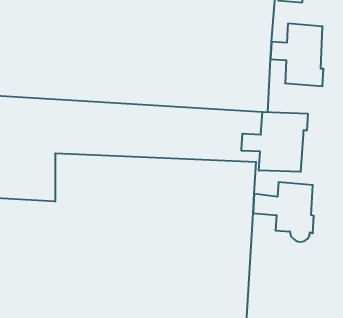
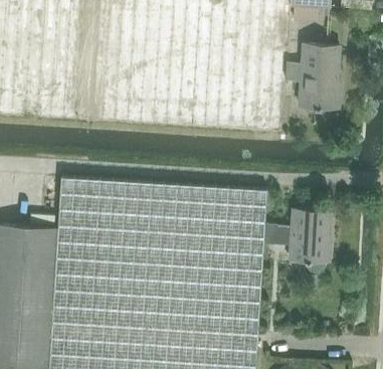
building: [241,112,308,172] -> none

